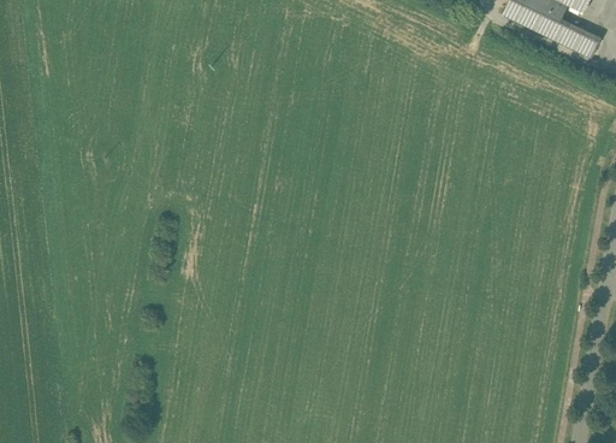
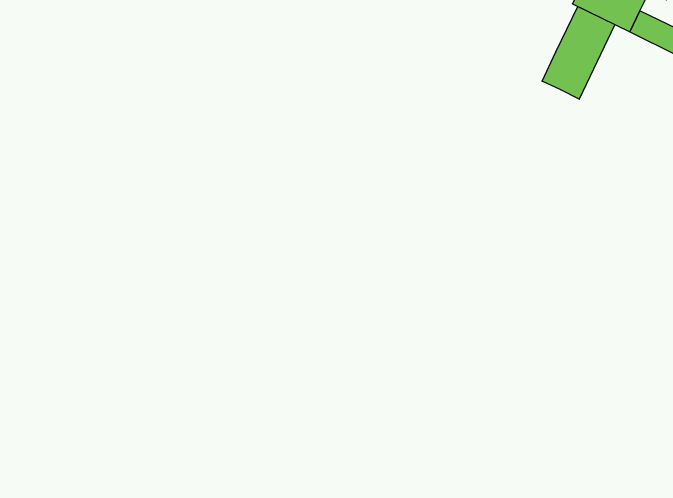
building: none -> [542,7,615,99]

